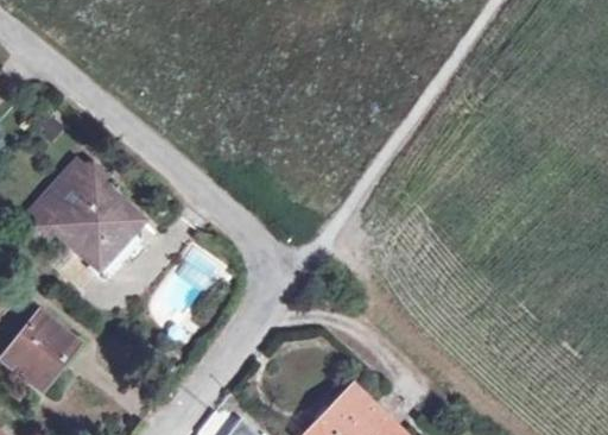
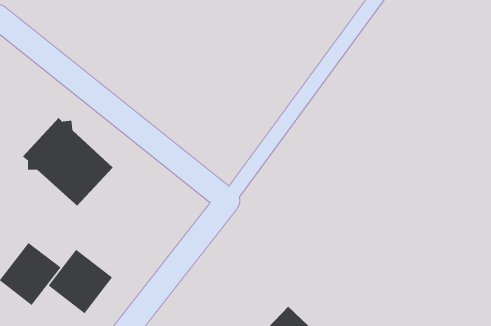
building: none -> [48,249,113,314]

